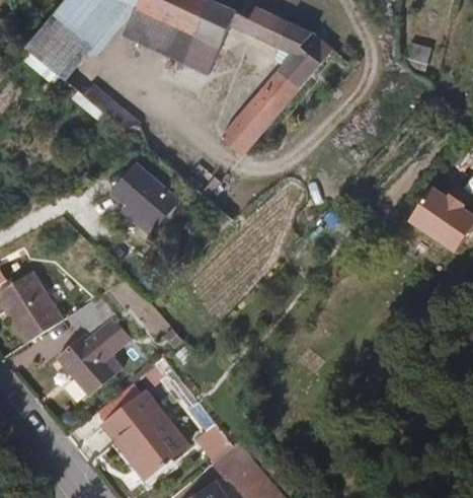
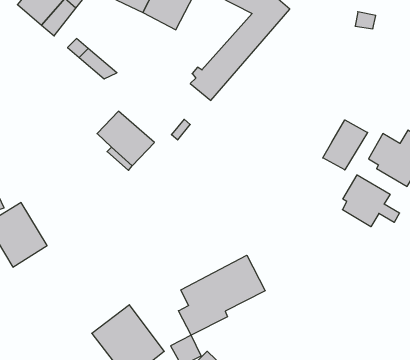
building: none -> [323,120,368,170]
building: none -> [342,175,400,227]
building: [56,294,136,393] -> none
building: none -> [178,255,265,335]

